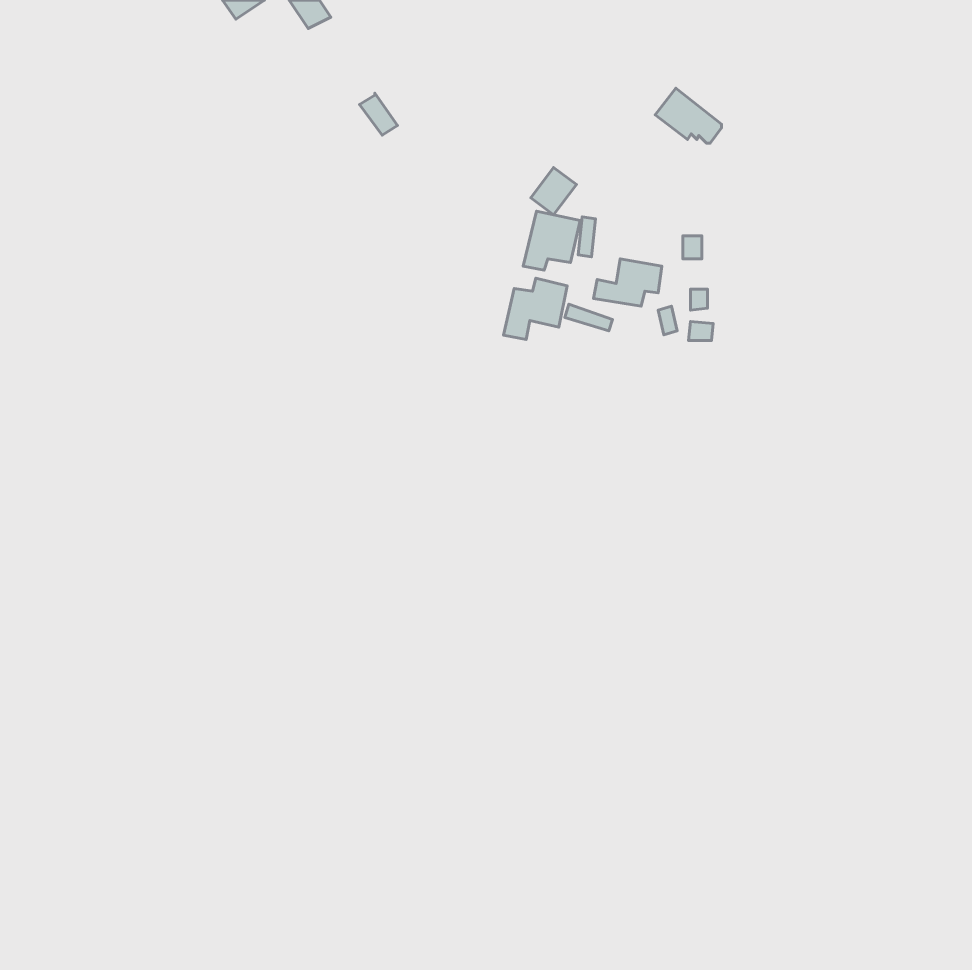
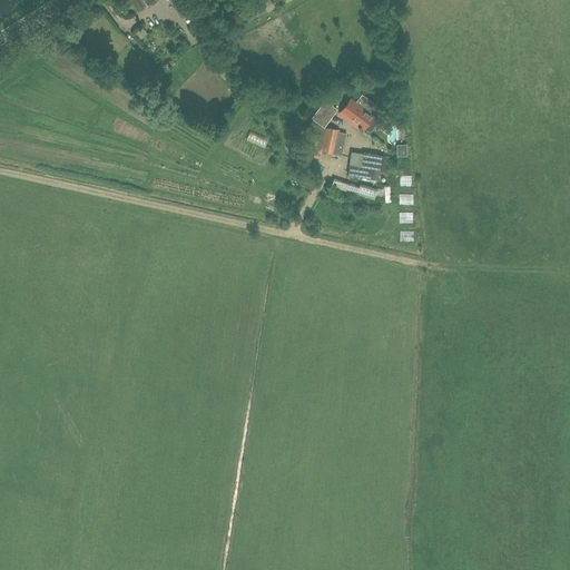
building: [655,88,722,143] -> [338,99,377,131]
building: [503,278,567,339] -> none

